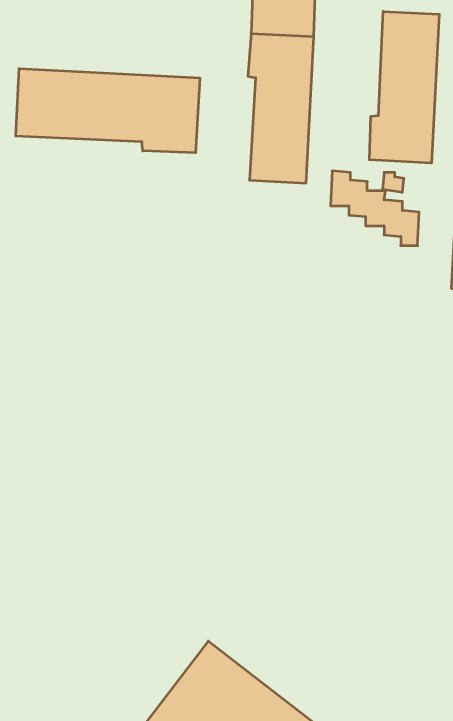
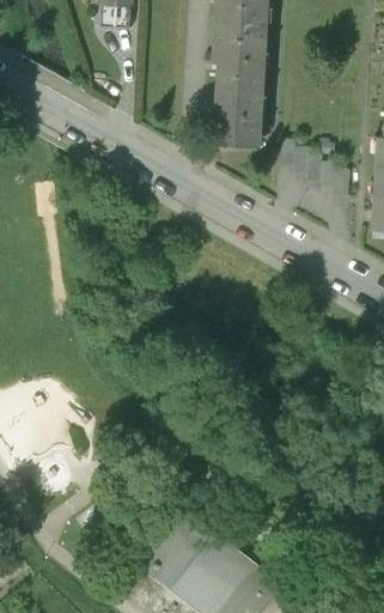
building: [369,11,439,163] -> none
building: [16,69,200,153] -> none

